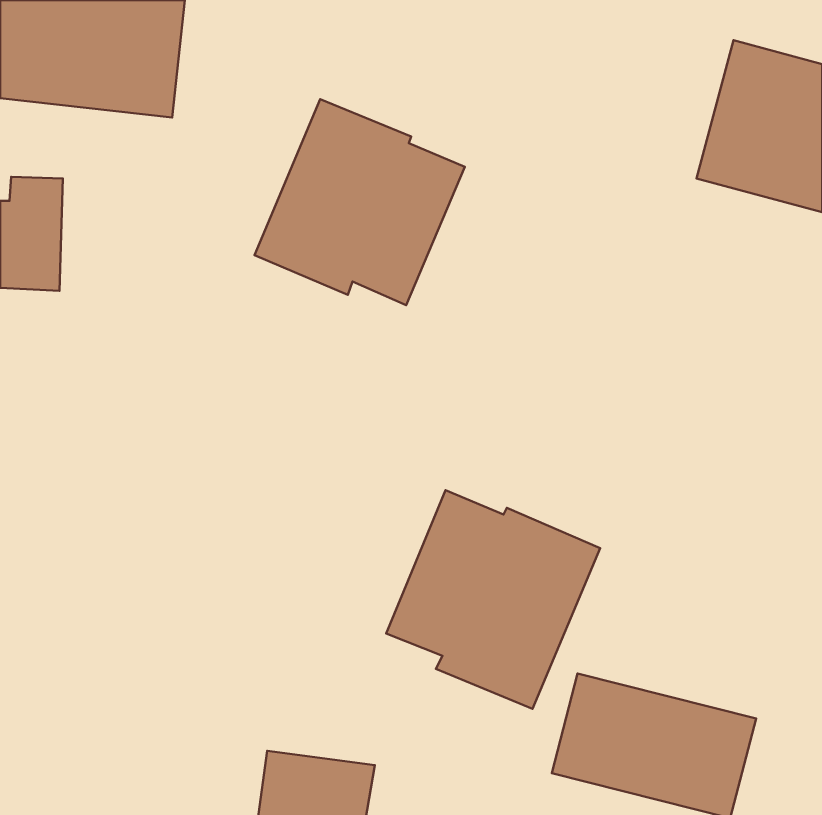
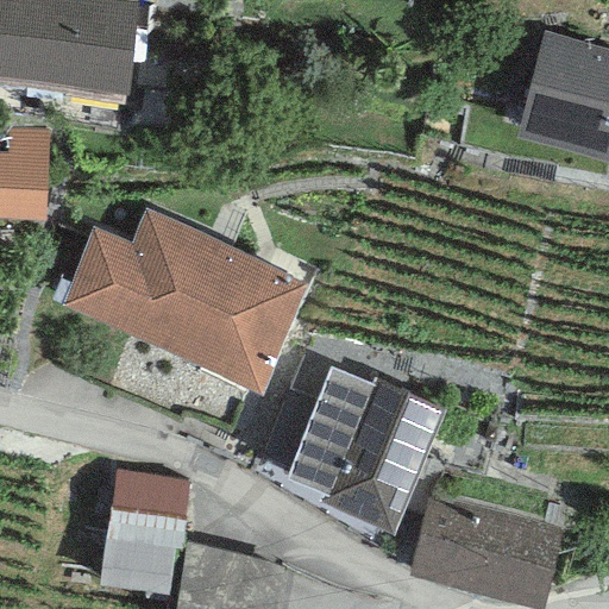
building: [255,99,465,305] -> none
building: none -> [61,213,306,387]
building: none -> [107,466,196,594]

